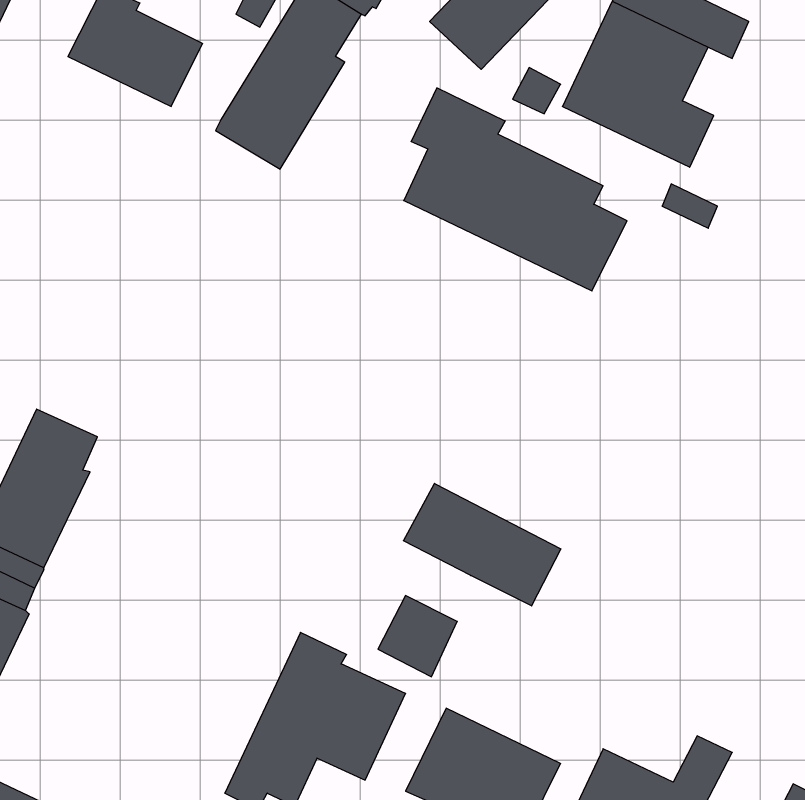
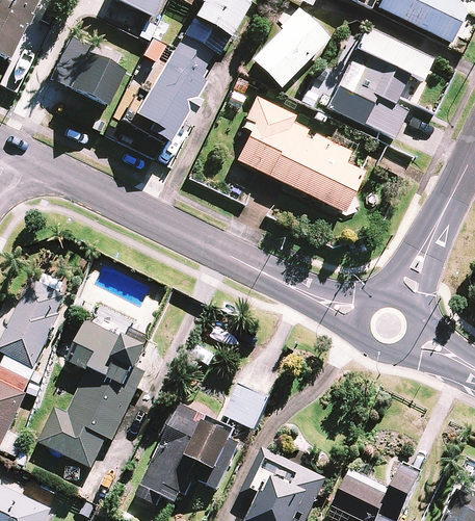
building: none -> [39,319,146,467]
building: [403,483,561,606] -> none

